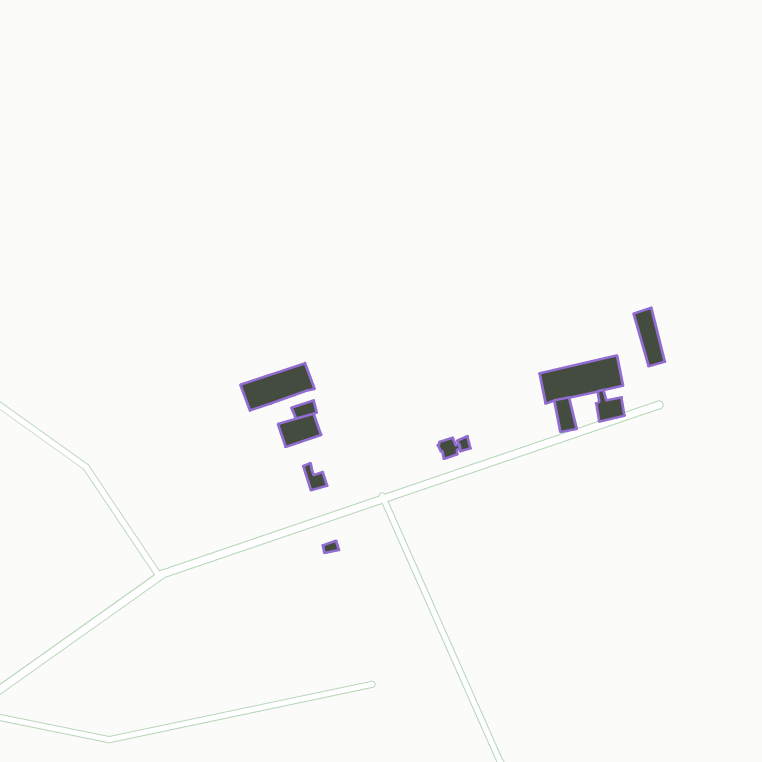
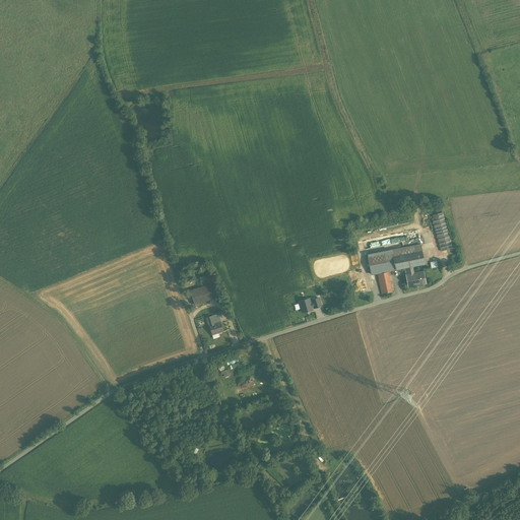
building: [241,363,314,411] -> none

